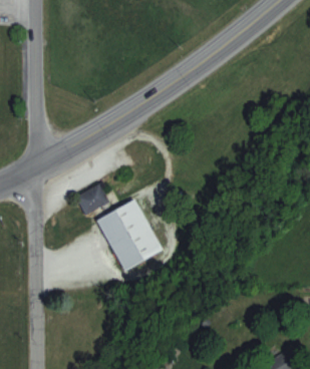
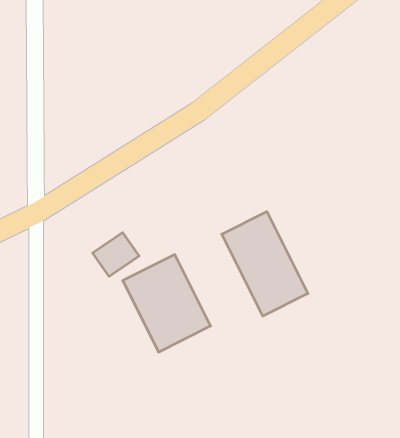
building: none -> [222,212,308,316]

